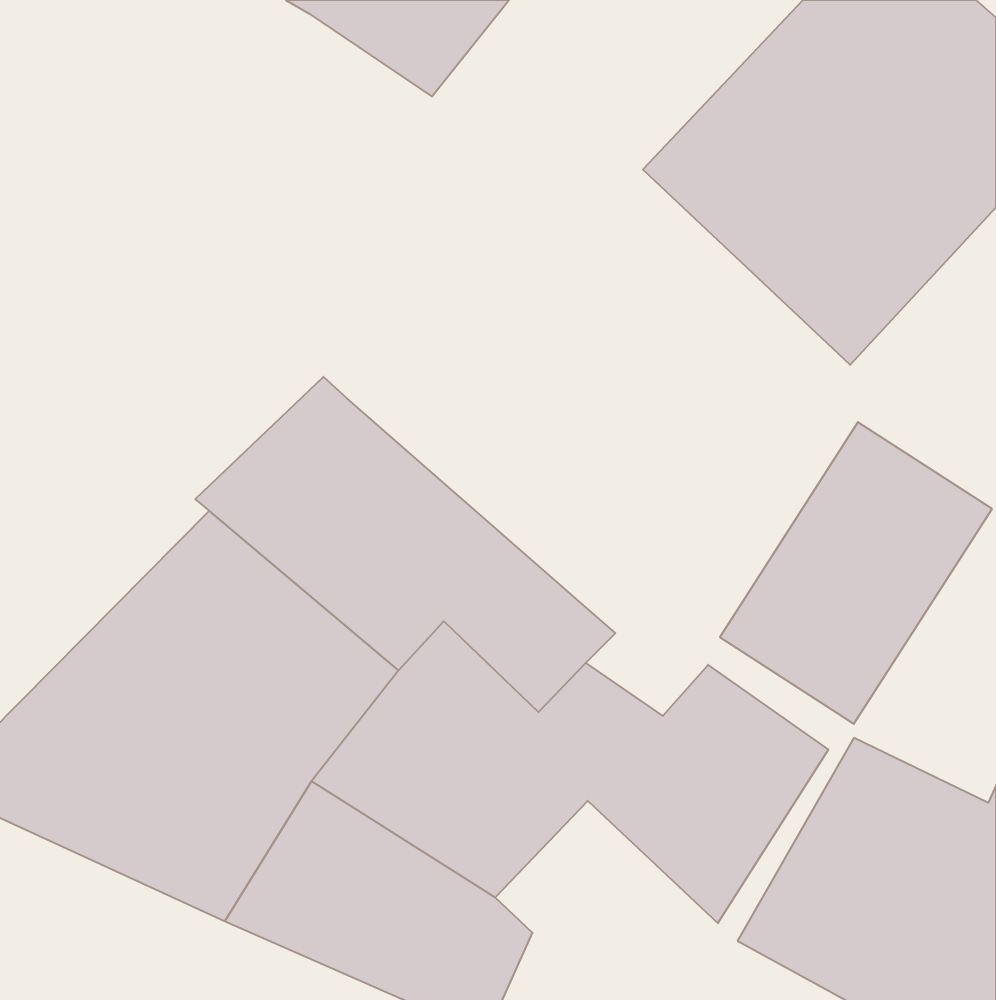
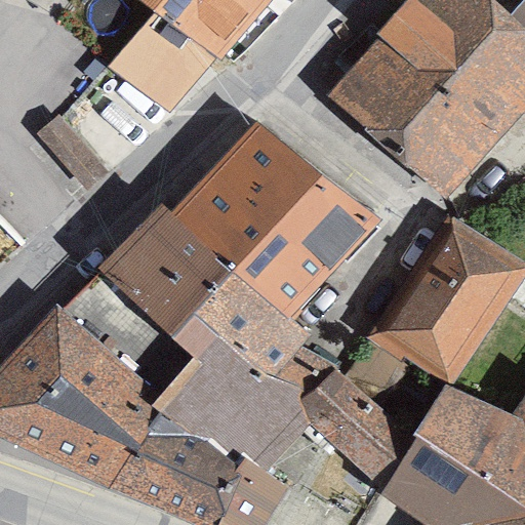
building: none -> [114,11,225,111]
building: none -> [180,118,377,312]

